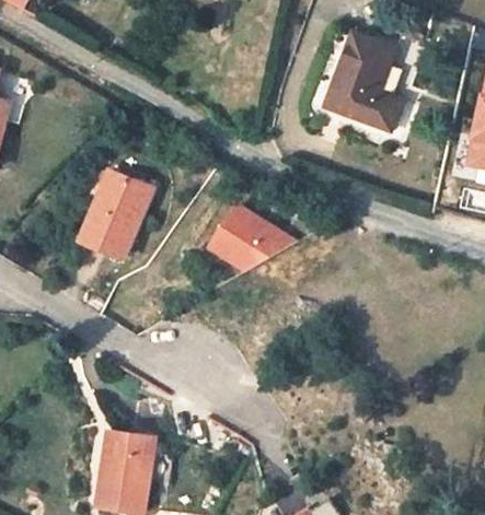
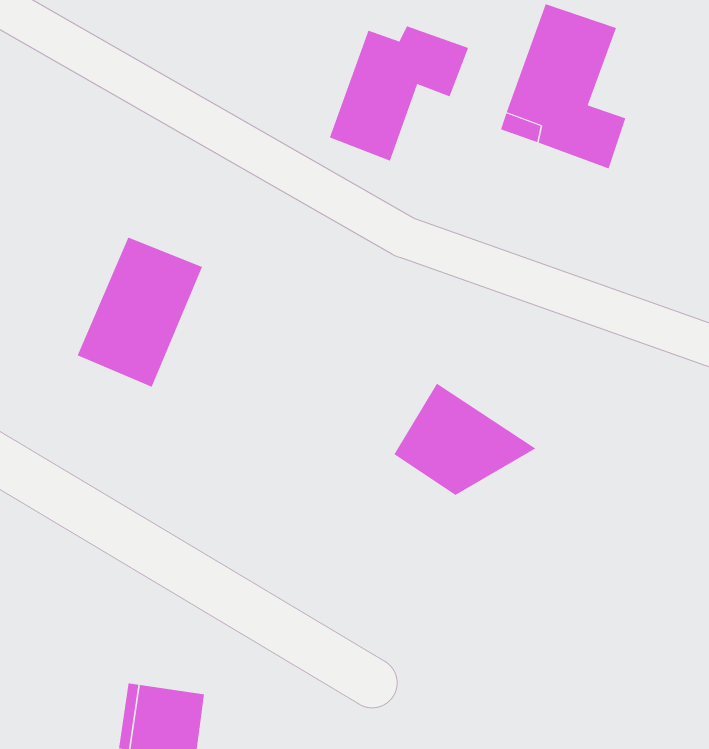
building: none -> [329,26,469,161]
building: [212,204,296,270] -> [393,383,536,496]

